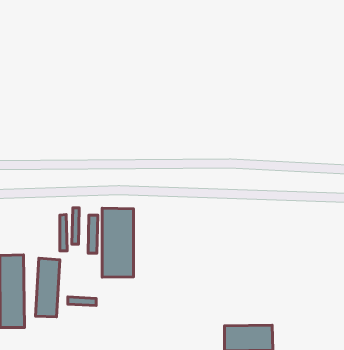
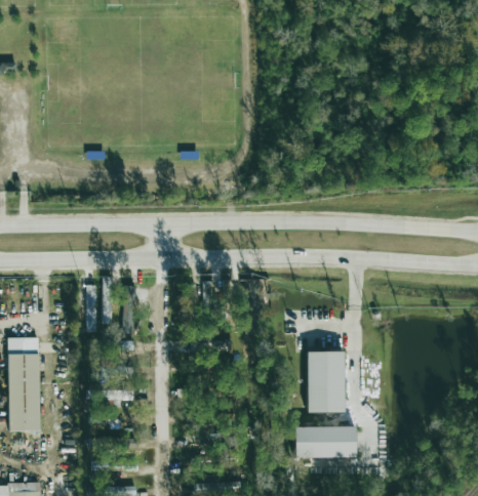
building: [102,208,134,277] -> none
building: [36,258,60,317] -> none
building: none -> [307,350,345,415]

